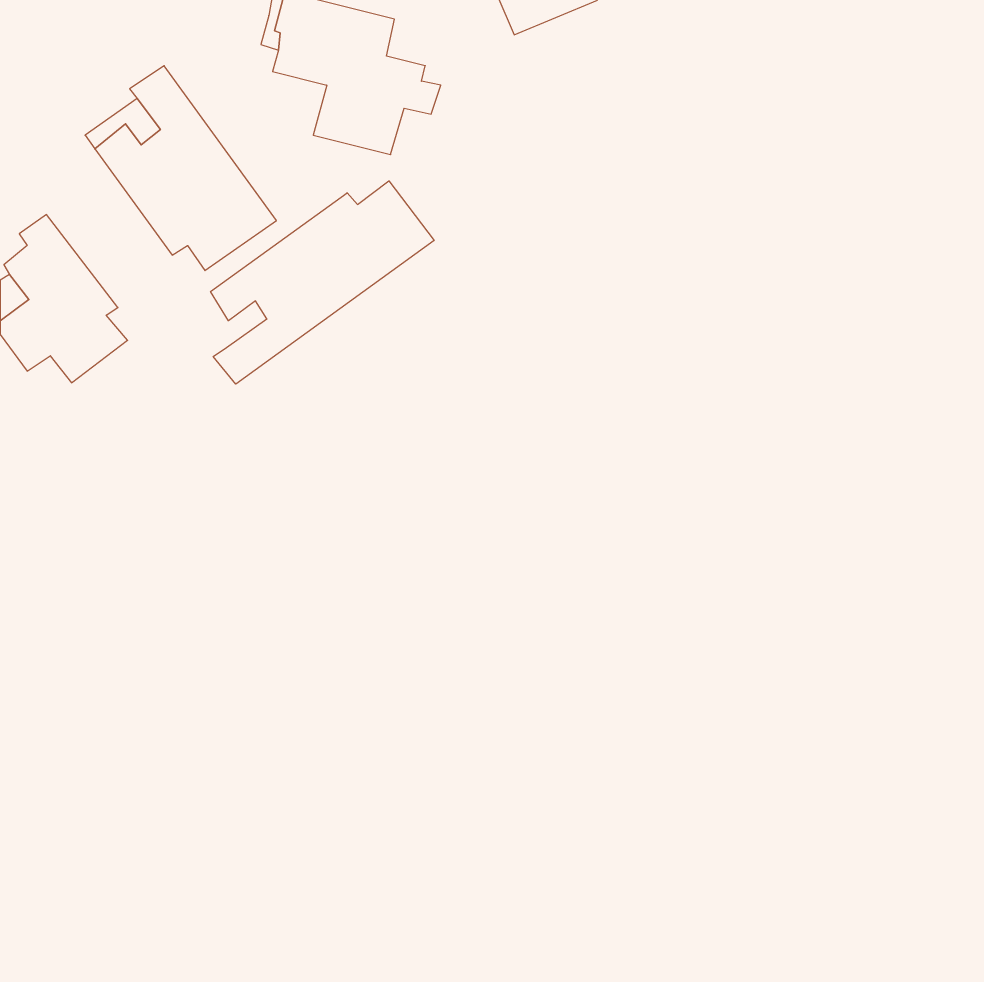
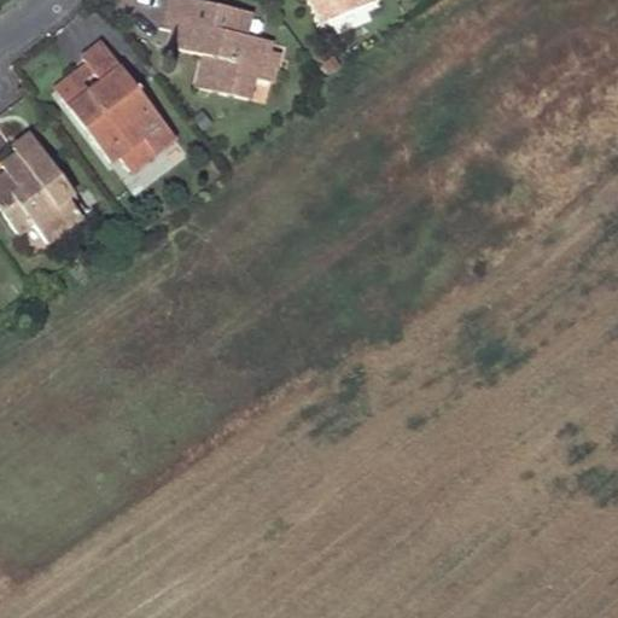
building: [211,181,434,384] -> none

